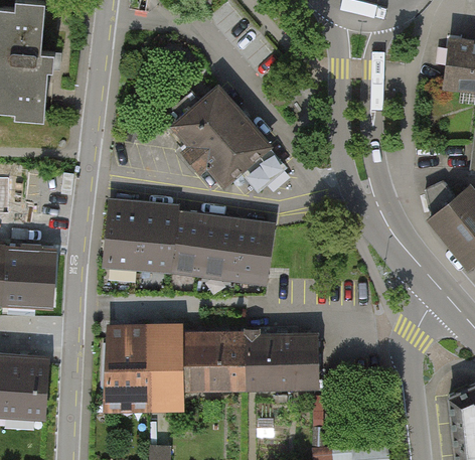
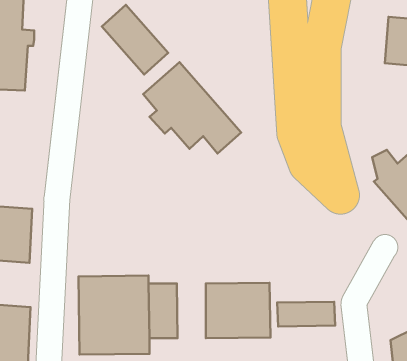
building: none -> [102,5,168,75]
building: [105,210,274,277] -> none
building: [212,333,245,394] -> none
building: none -> [277,302,335,326]

